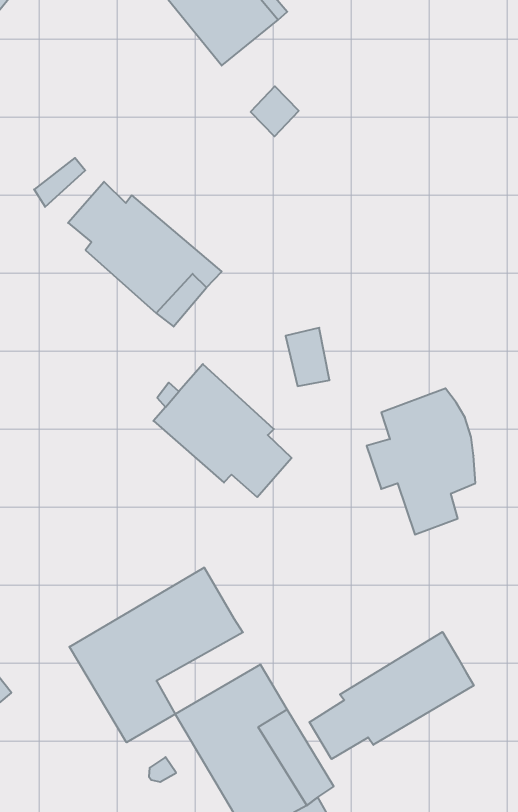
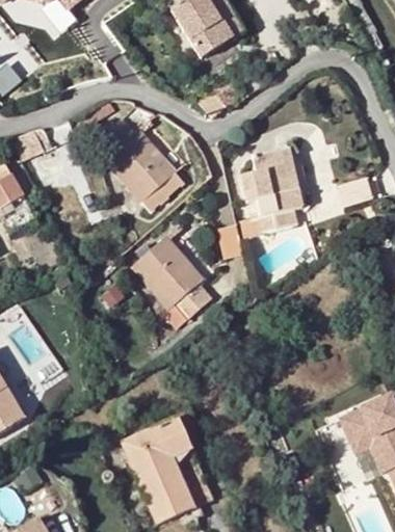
building: [367,388,475,535] -> [242,147,306,232]
building: [69,567,243,742] -> none
building: [309,632,474,759] -> none

